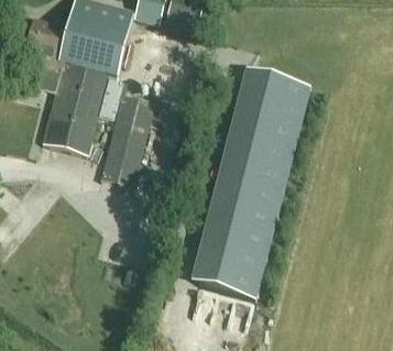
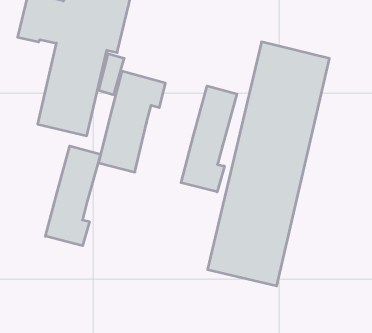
building: none -> [181,86,237,192]
building: none -> [45,146,101,246]

